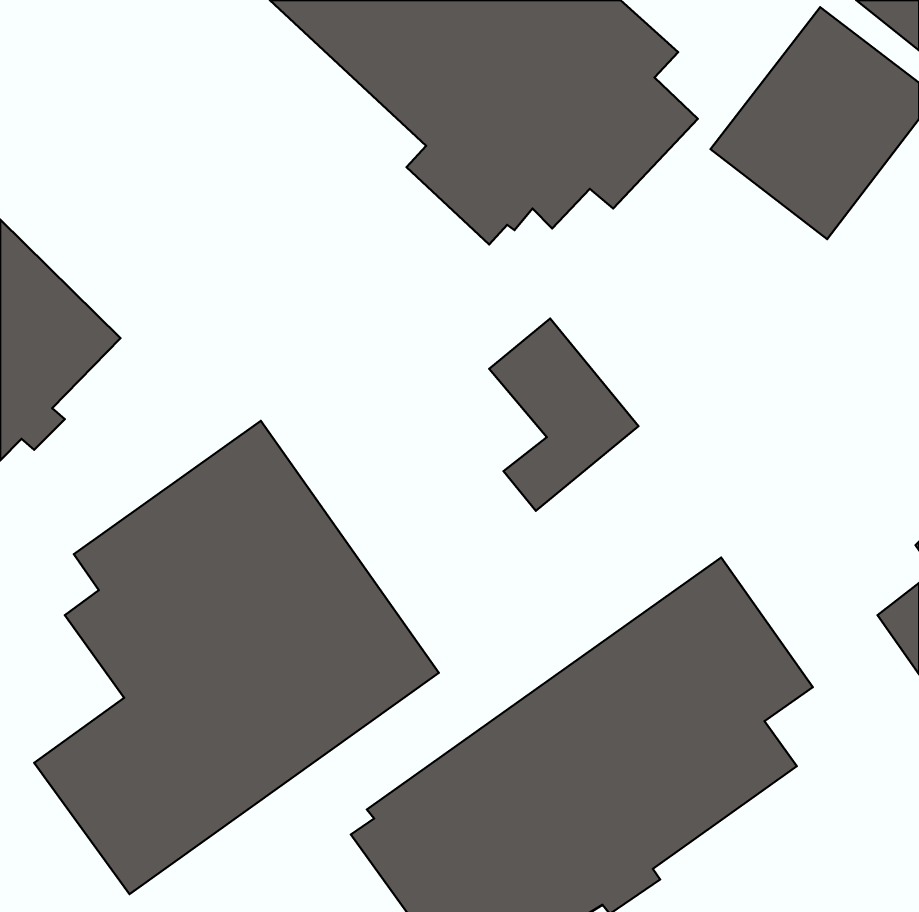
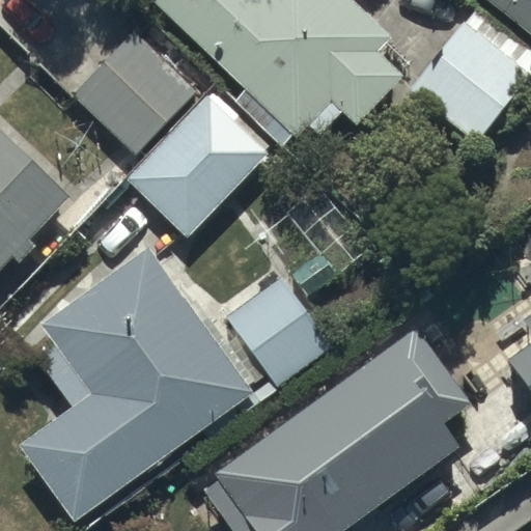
building: none -> [73,31,198,157]
building: none -> [125,90,272,239]
building: none -> [225,279,331,389]

